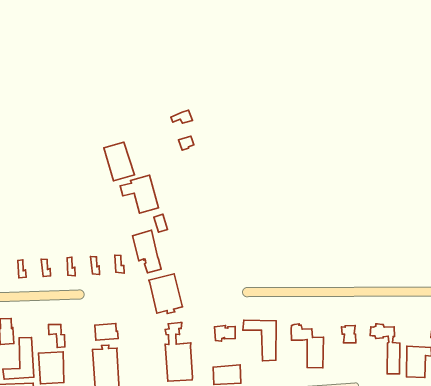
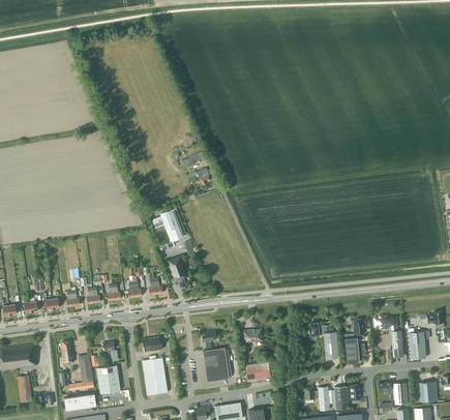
building: [104,142,134,181] -> none
building: [149,274,182,314] -> none
building: [243,320,276,361] -> none
building: none -> [344,337,364,363]

